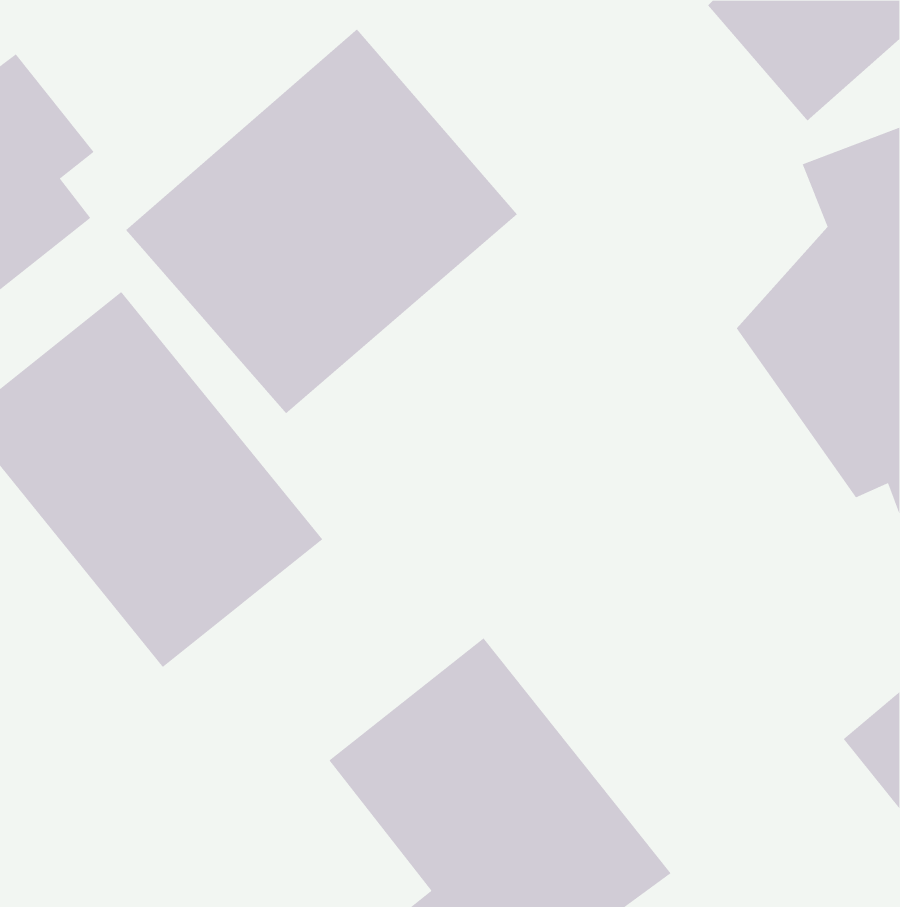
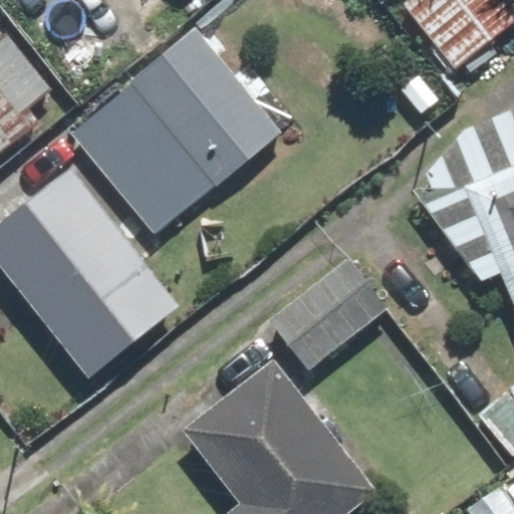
building: none -> [264,260,387,376]

